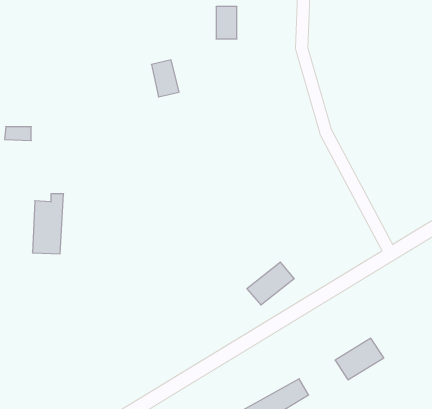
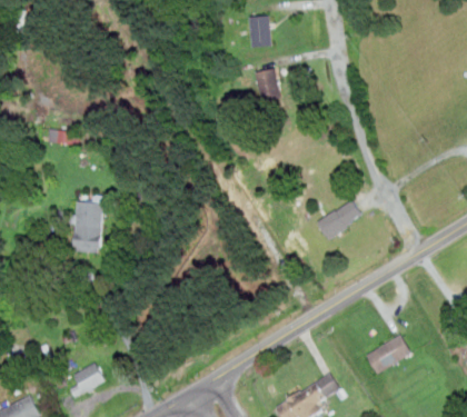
building: [151,60,179,97] -> [255,68,281,103]
building: [247,262,294,305] -> [317,199,362,240]
building: none -> [69,363,106,398]

